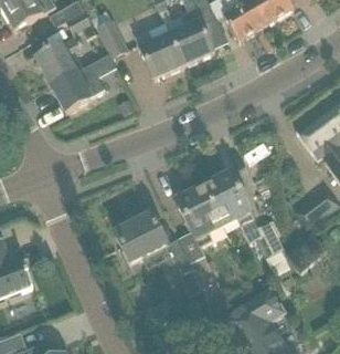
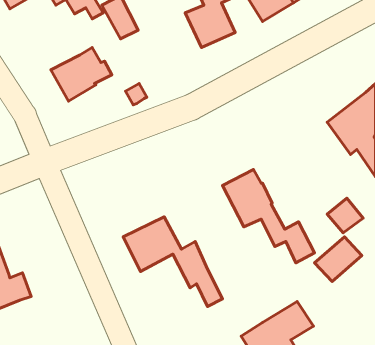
building: [135,29,184,79] -> none
building: [35,37,84,84] -> none
building: [176,187,225,305] -> none

